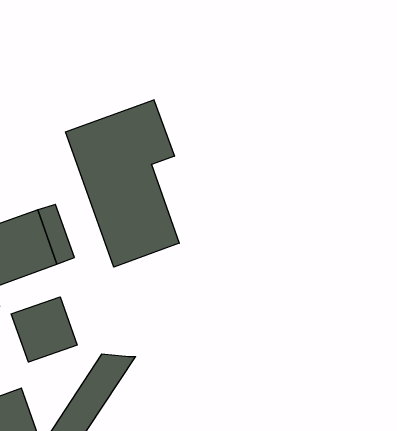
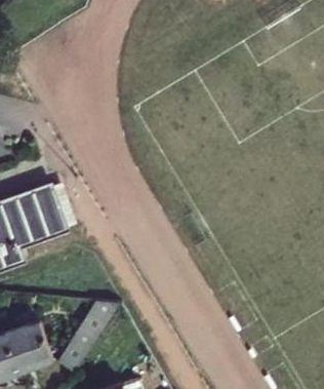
building: [66,100,179,267] -> none
building: [11,297,77,362] -> none

